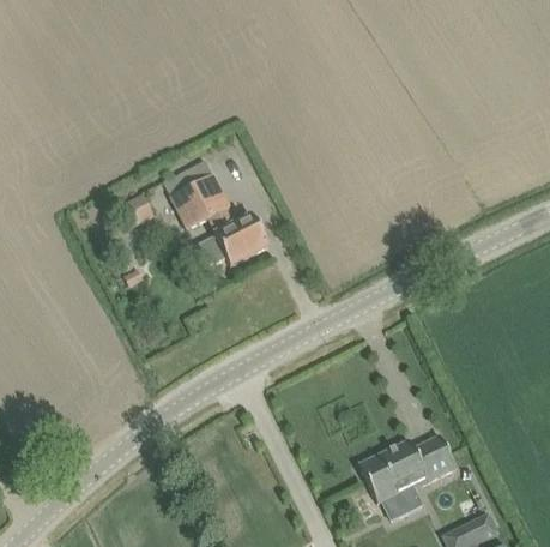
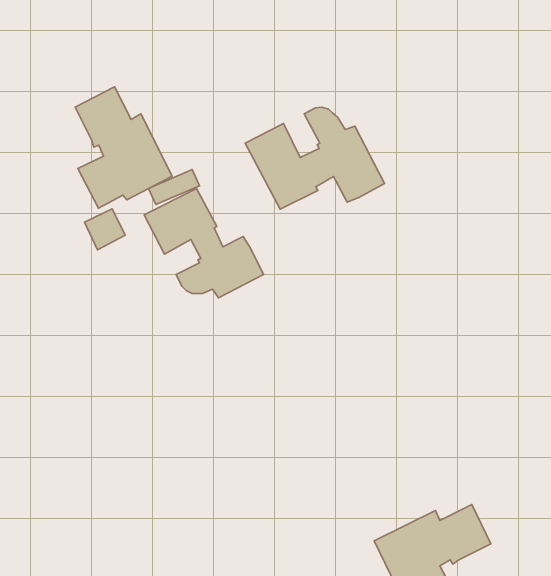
building: none -> [75,87,172,208]
building: none -> [245,107,385,209]

